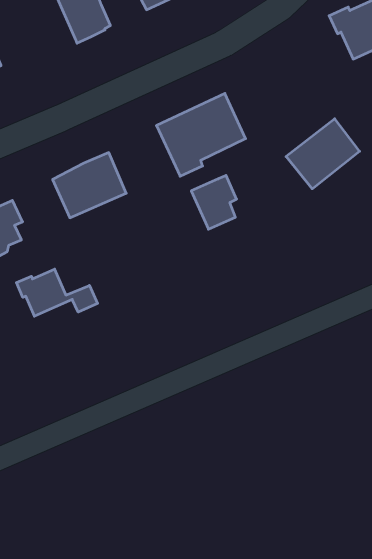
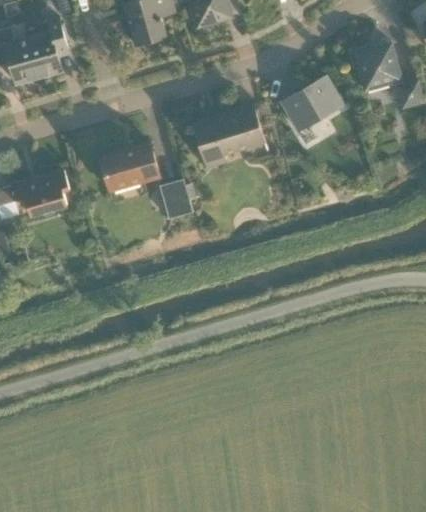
building: [286,119,360,189] -> [280,75,342,131]
building: [191,175,237,229] -> [158,176,195,219]
building: [16,269,98,316] -> none

